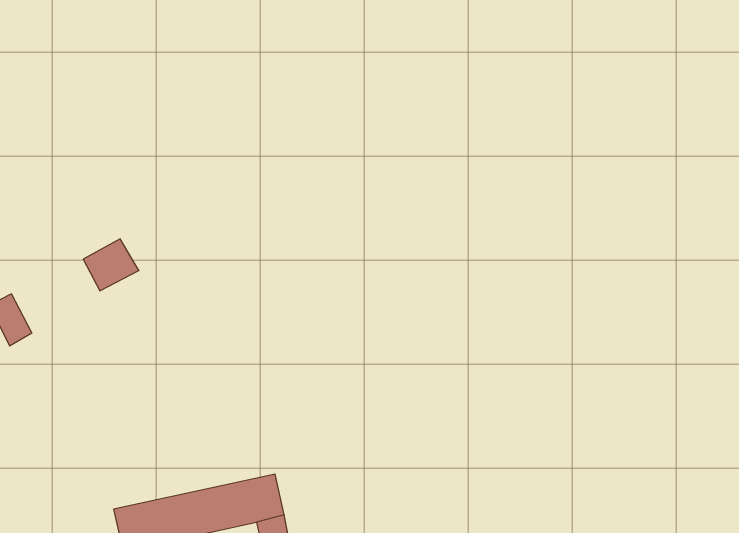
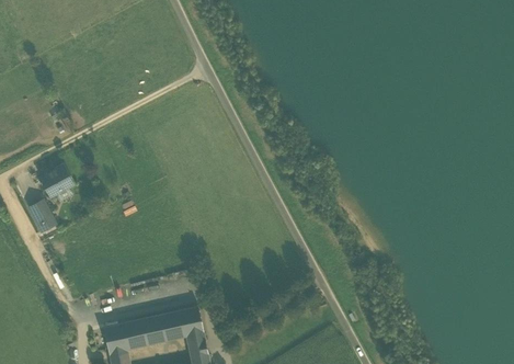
building: [83,239,139,291] -> [41,166,73,196]

